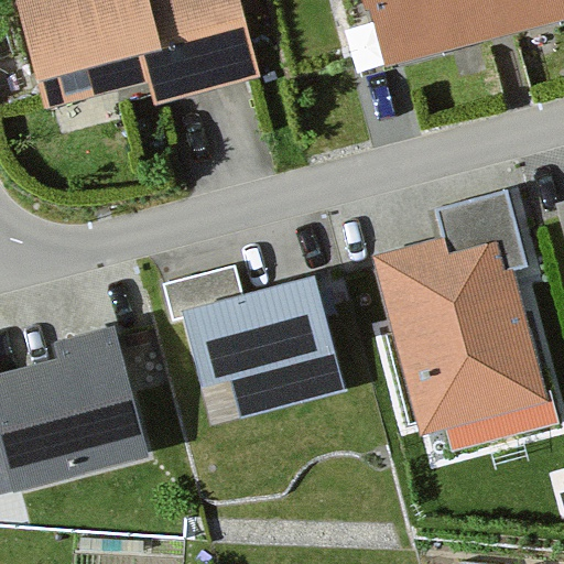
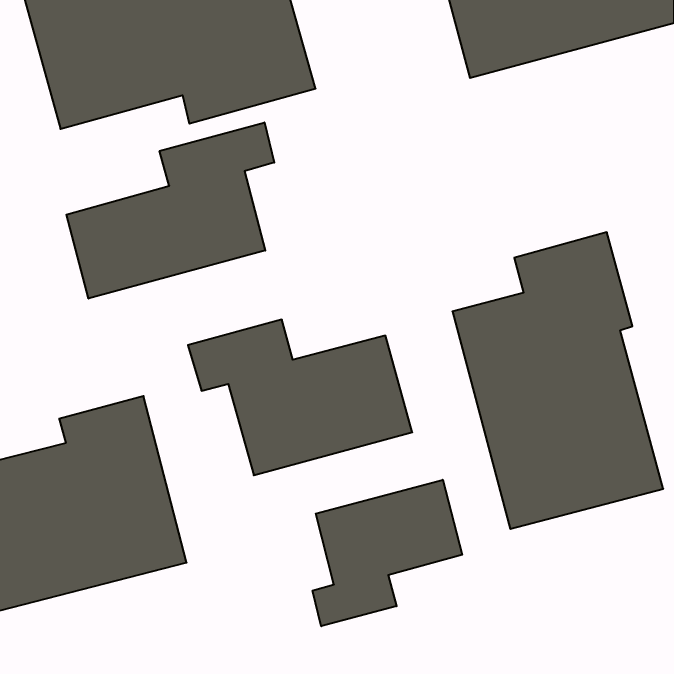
building: none -> [66,122,274,299]
building: none -> [313,480,462,626]

